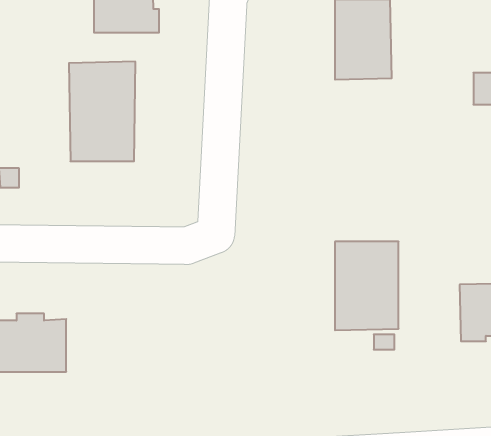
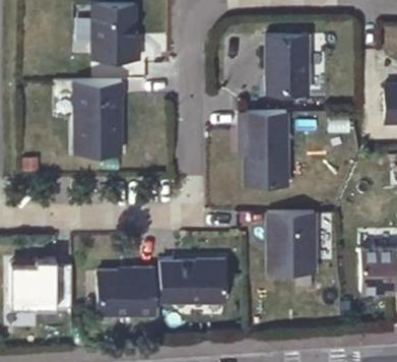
building: none -> [239,112,287,185]
building: none -> [159,261,223,302]
building: none -> [97,268,153,316]

